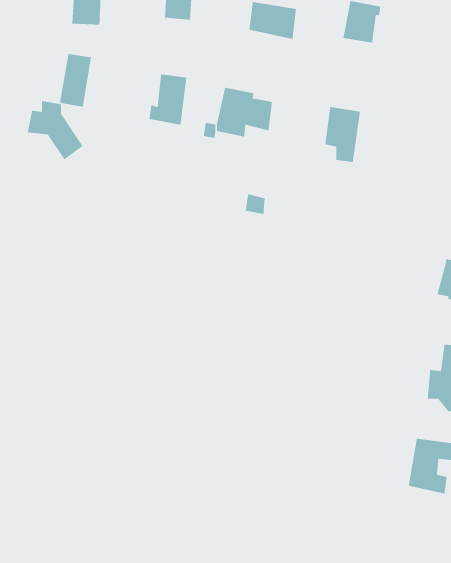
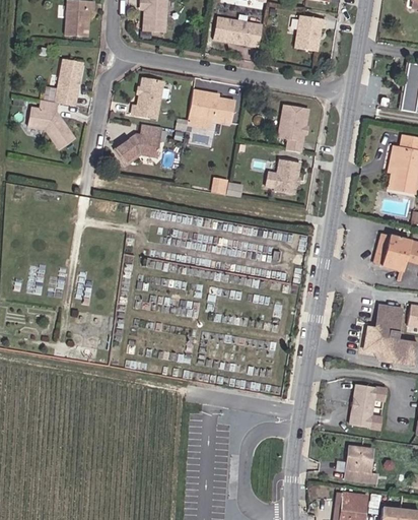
building: none -> [114,125,161,167]
building: none -> [266,159,299,193]
building: none -> [344,445,379,484]

